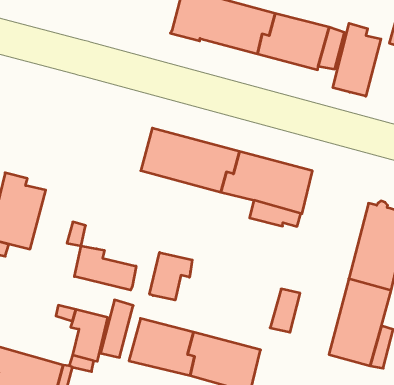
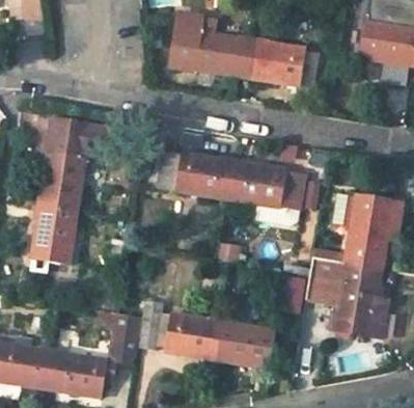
building: [333,23,381,96] -> none
building: none -> [40,117,115,212]
building: [74,246,136,290] -> none
building: [150,252,192,300] -> none
building: none -> [305,256,340,296]

